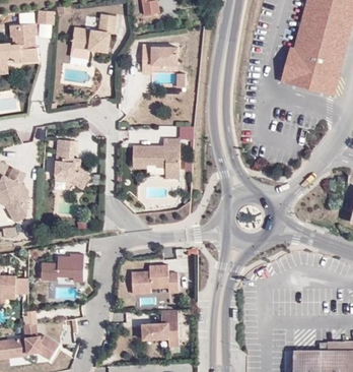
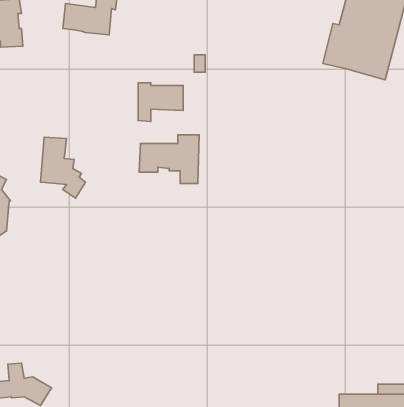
building: [142,44,179,75] -> [138,83,183,122]
building: [43,254,85,282] -> none
building: [138,265,184,293] -> none
building: [148,309,185,345] -> none

